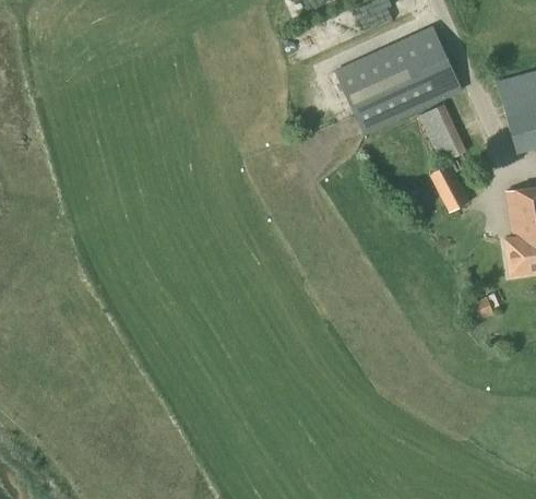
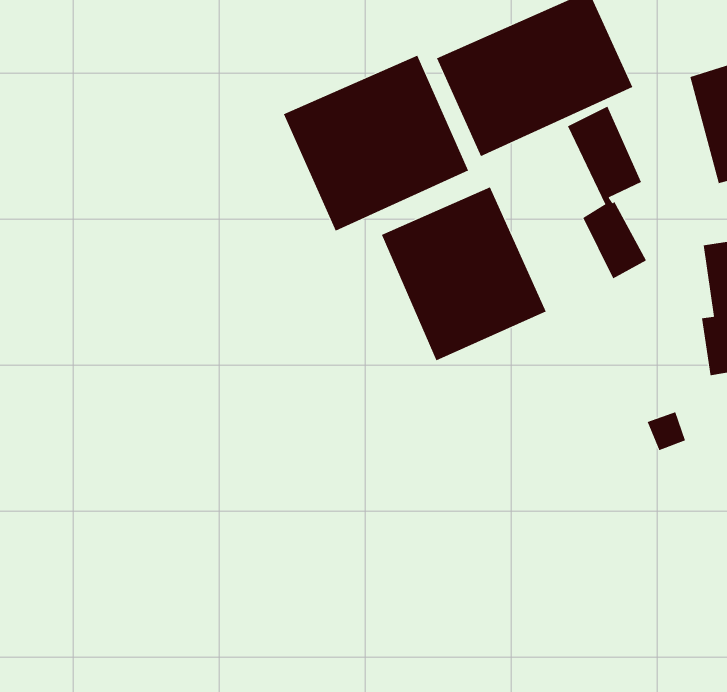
building: none -> [283,55,469,231]
building: none -> [381,187,547,361]

